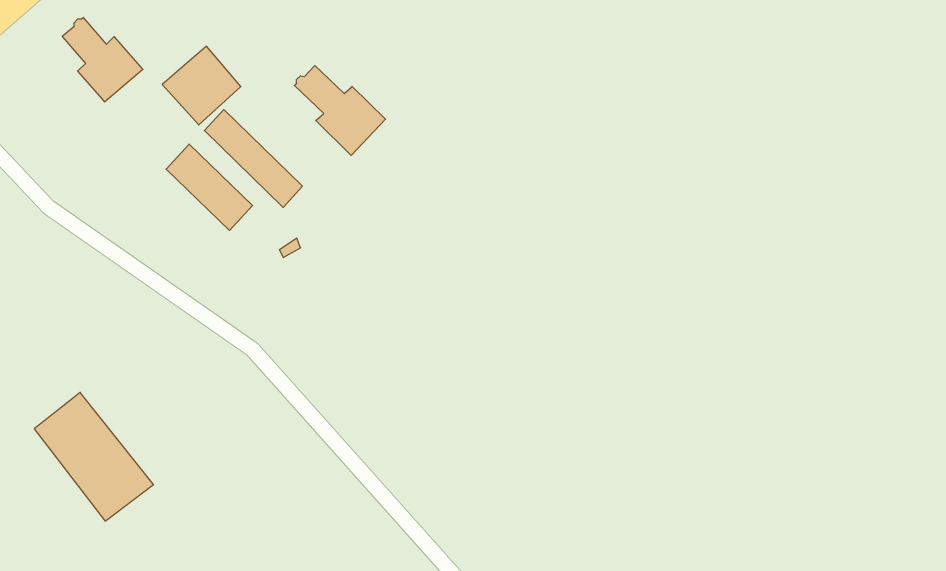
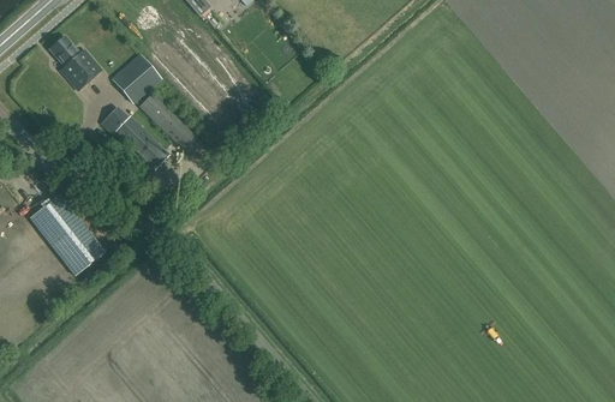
building: [294,66,386,155] -> none
building: [34,392,153,521] -> [30,194,105,275]

